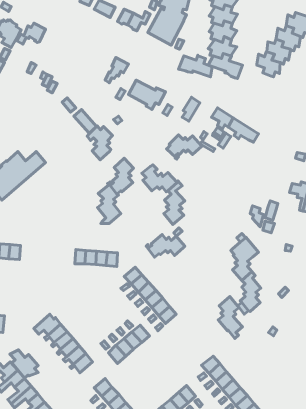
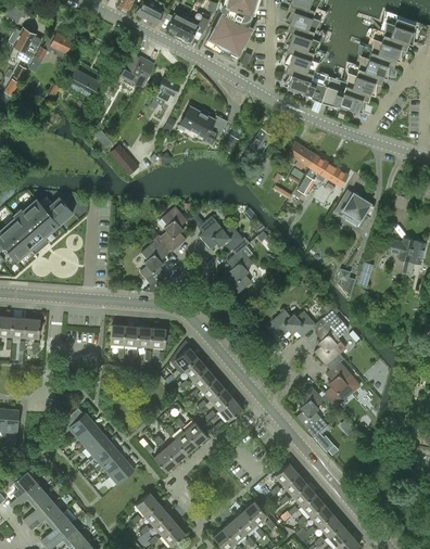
building: none -> [121,51,154,85]
building: none -> [67,67,100,97]
building: [179,55,212,77] -> [321,85,365,113]
building: [87,126,113,160] -> none
building: [167,135,202,159] -> none
building: none -> [334,189,375,225]
building: [146,234,185,257] -> [265,308,315,337]
building: [10,350,38,378] -> none

